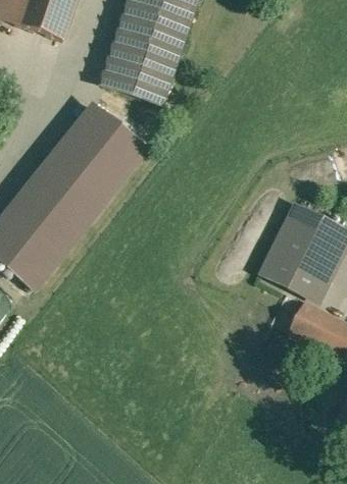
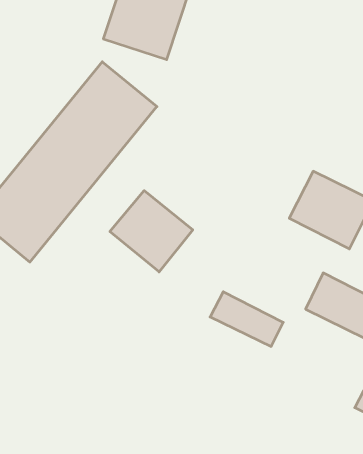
building: none -> [110,191,193,272]
building: [261,250,330,301] -> [210,292,283,346]

